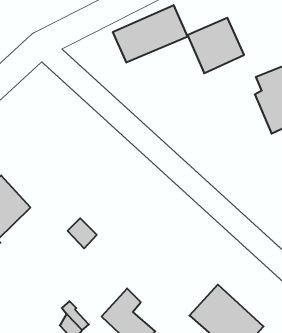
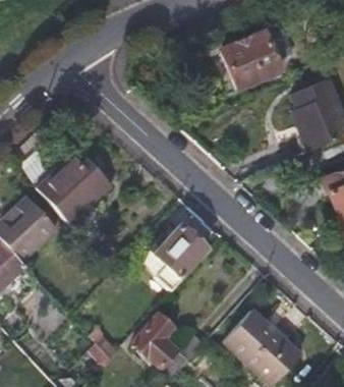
building: [113,5,188,63] -> none
building: none -> [37,148,112,224]
building: none -> [146,224,207,290]

